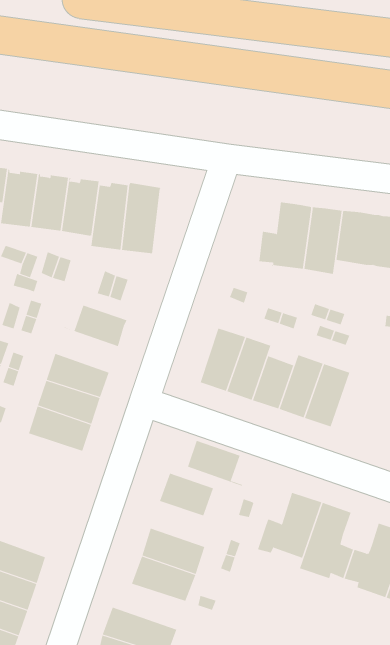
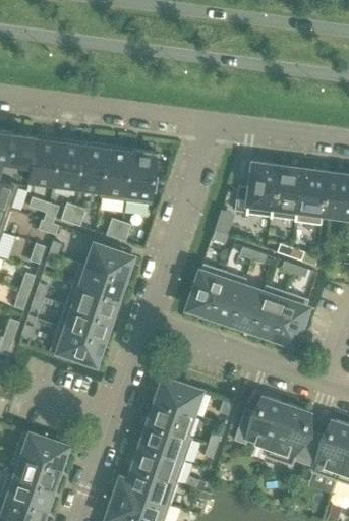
building: none -> [72,264,123,299]
building: [187,440,243,486] -> [149,402,193,439]
building: none -> [118,468,177,505]

